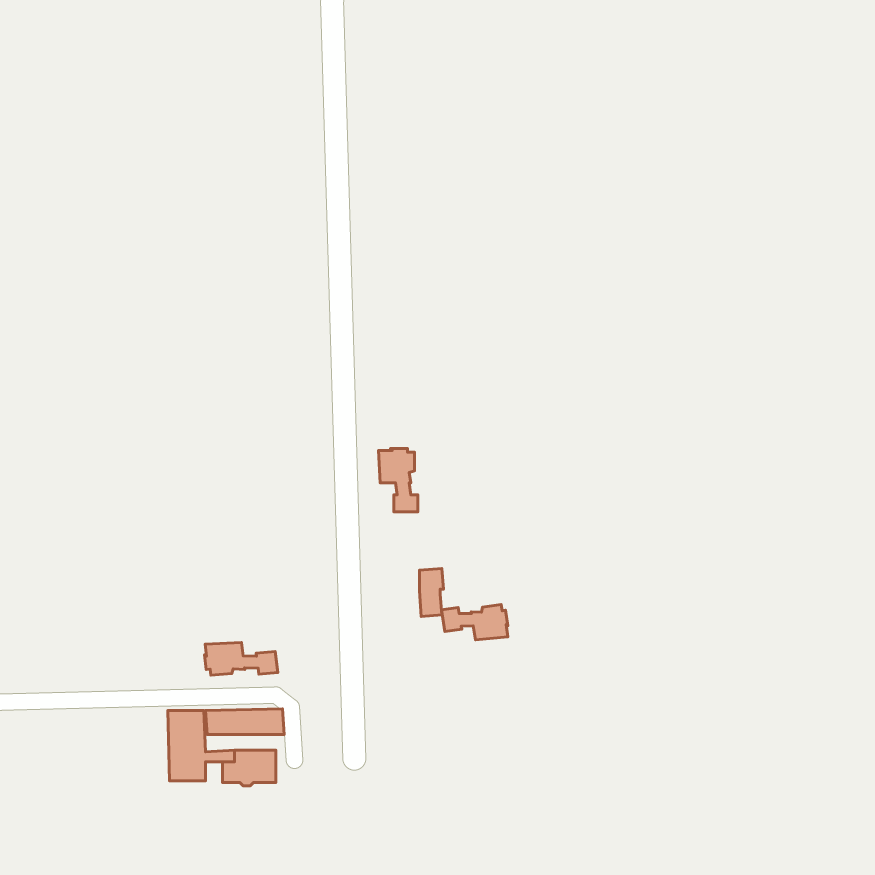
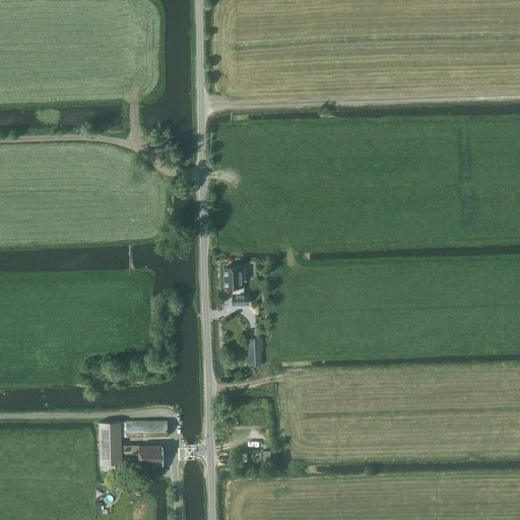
building: [441,605,508,640] -> none
building: [204,642,278,675] -> none

